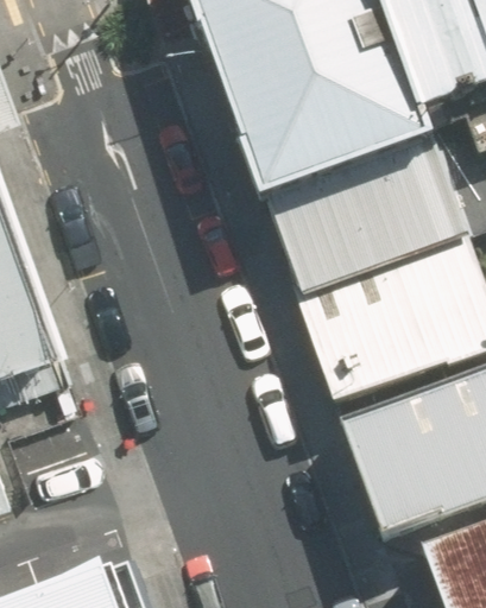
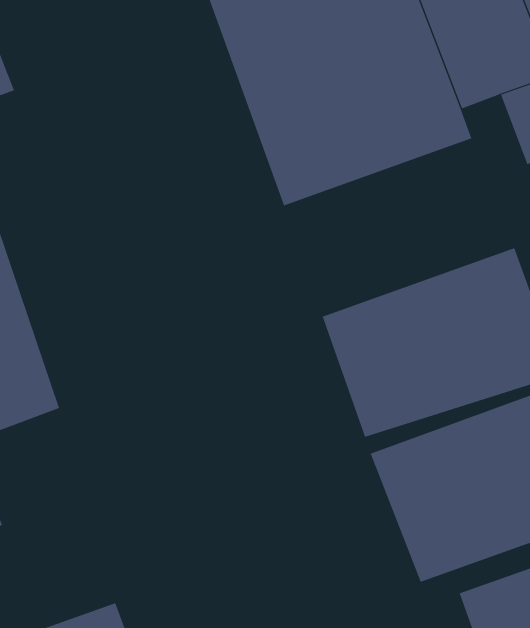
building: [263,138,469,297] -> none

